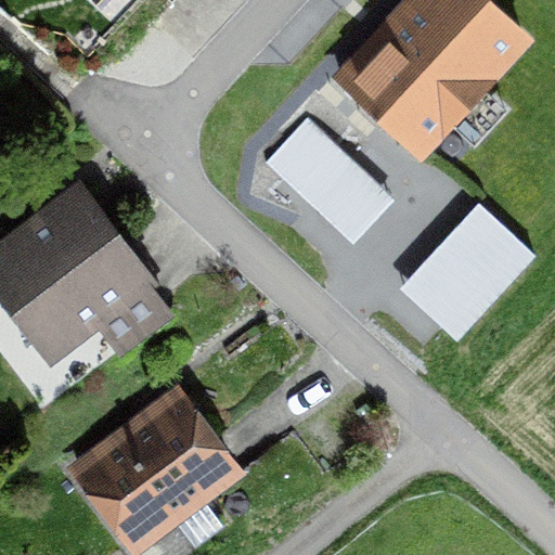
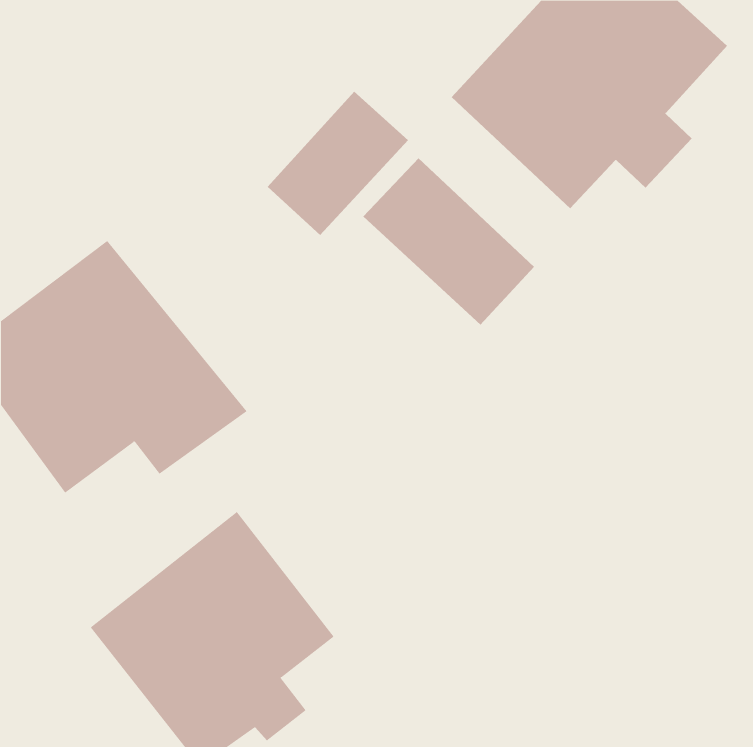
building: none -> [267,91,409,236]
building: [398,202,537,341] -> none

